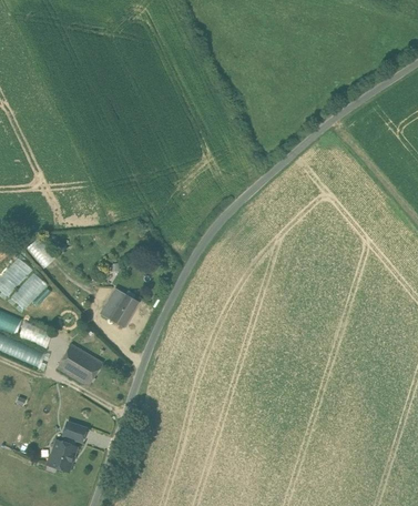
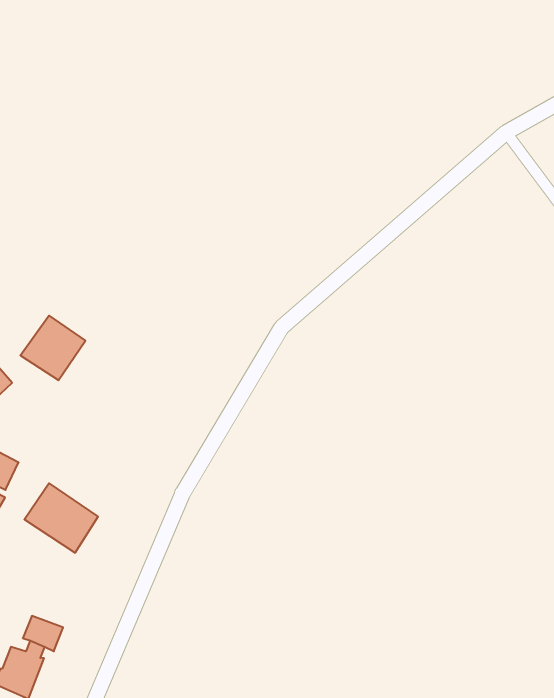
building: [100,290,137,327] -> [20,316,85,380]

